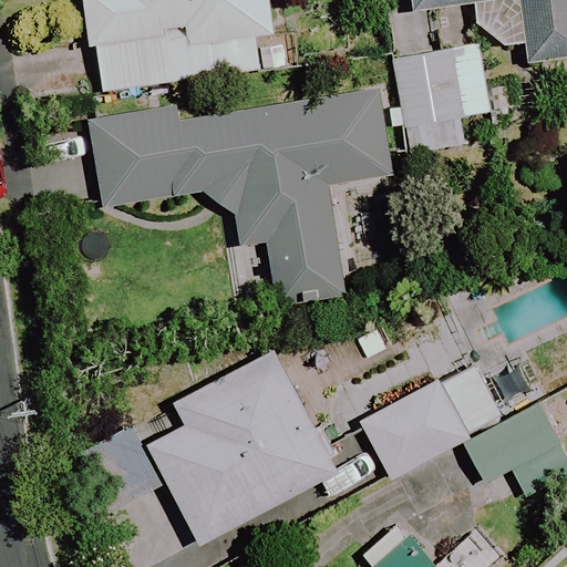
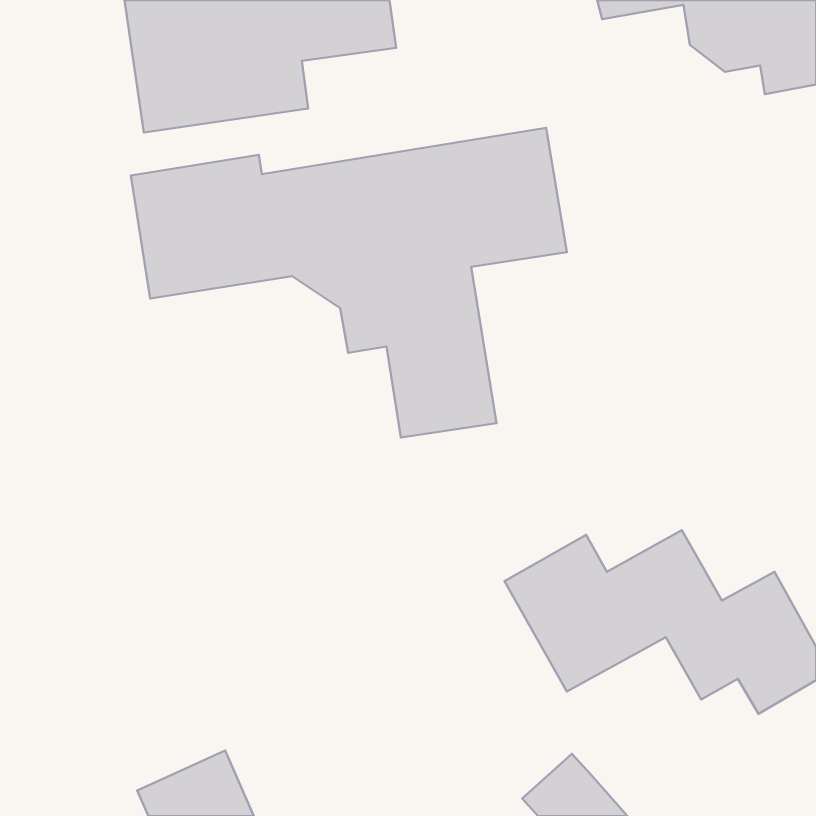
building: [395,44,491,155] -> none
building: [79,350,339,544] -> none

